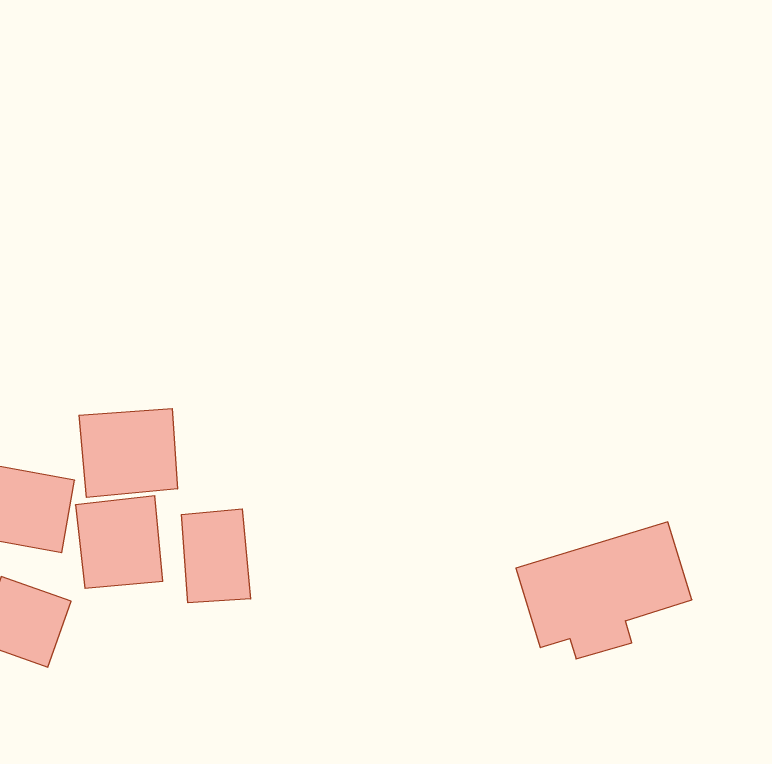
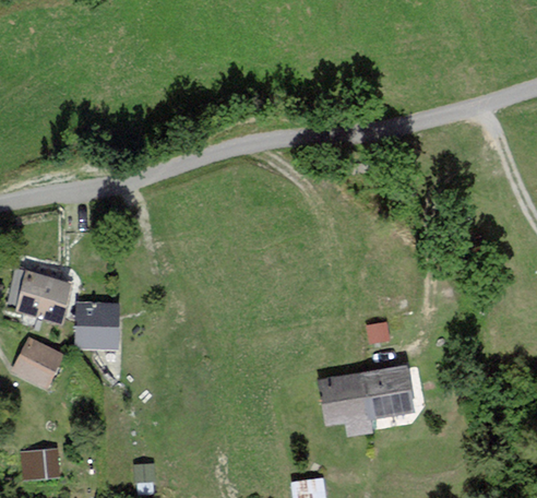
building: [79,409,177,497] -> none
building: [181,509,251,603] -> none

